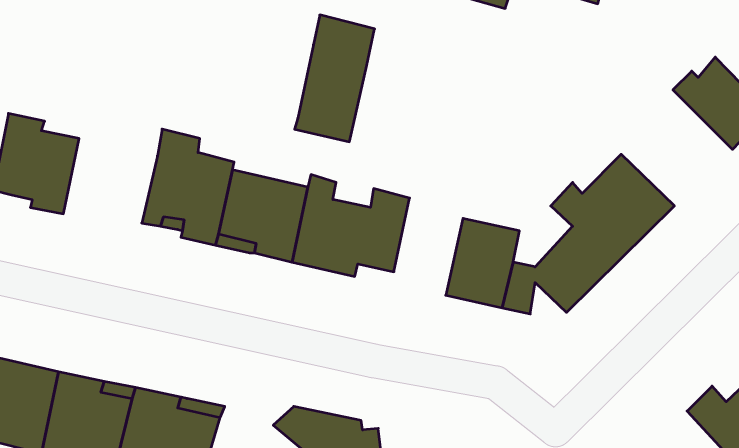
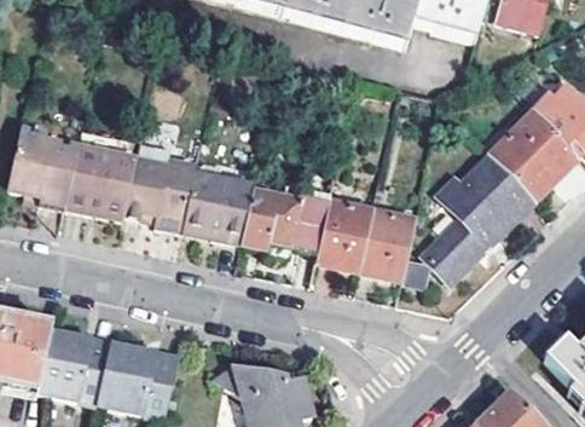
building: [295,15,375,142] -> [314,171,376,269]
building: none -> [488,110,578,200]
building: none -> [62,148,134,219]

